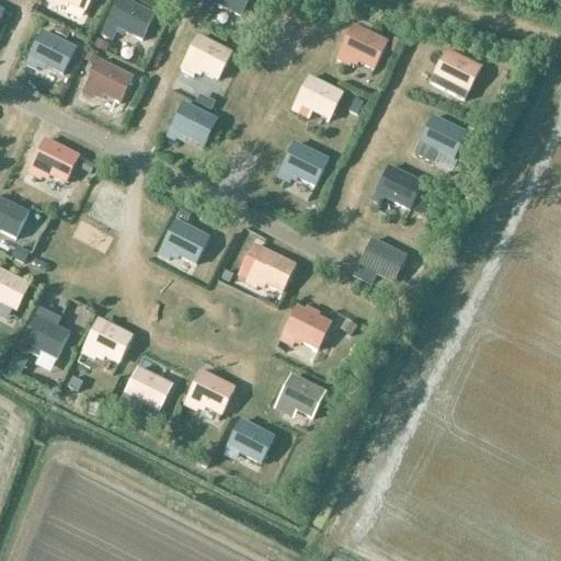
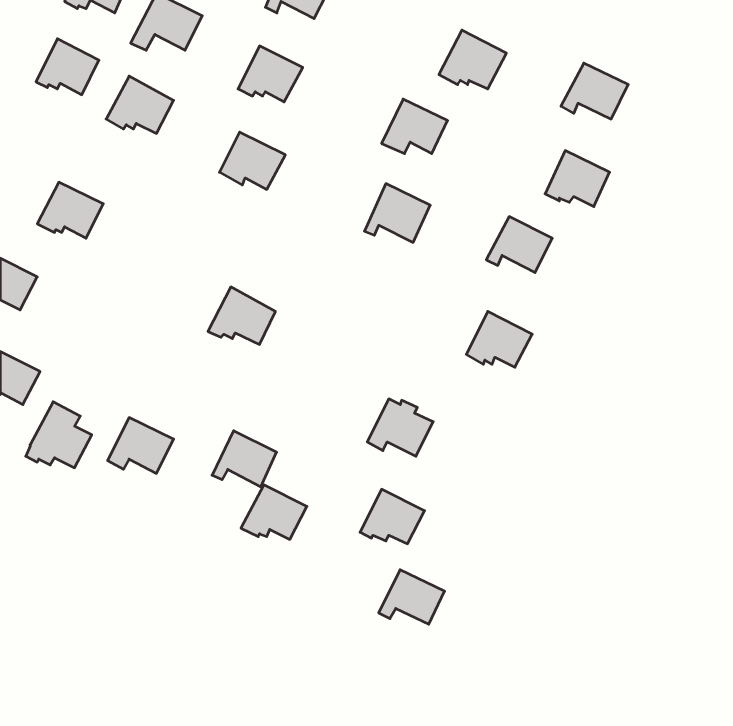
building: [245,248,295,289] -> none
building: [123,367,172,410] -> [212,431,277,487]
building: [224,420,274,461] -> [379,570,445,624]

